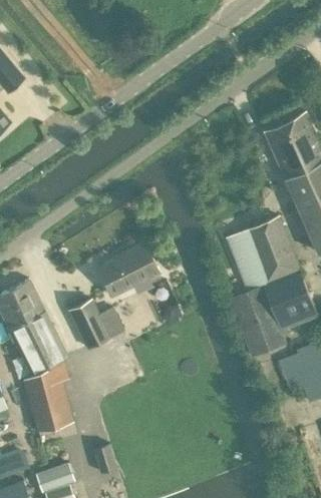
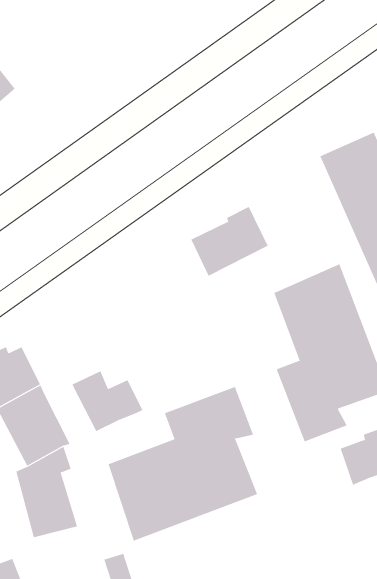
building: [98,241,159,297] -> [190,206,268,277]
building: none -> [108,386,258,542]

